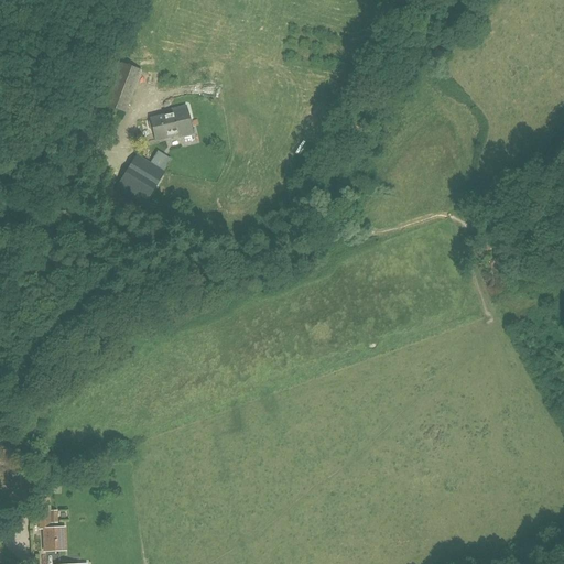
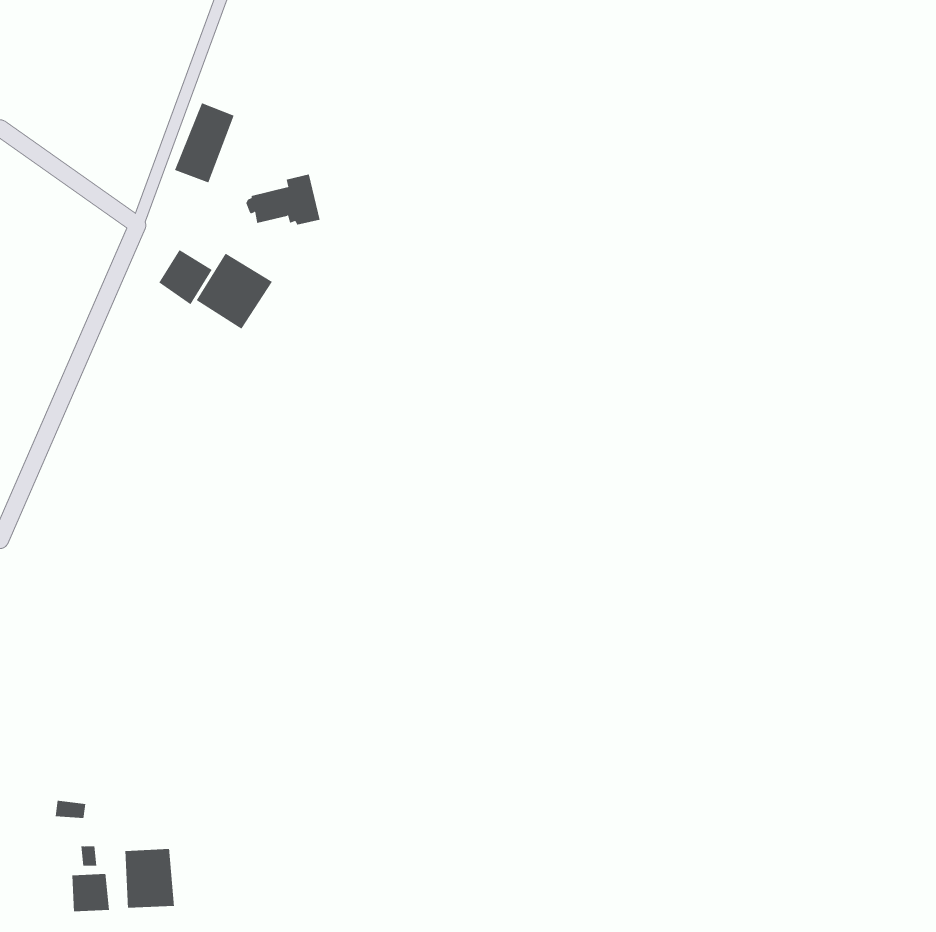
building: none -> [158,249,213,305]
building: none -> [125,848,175,909]

